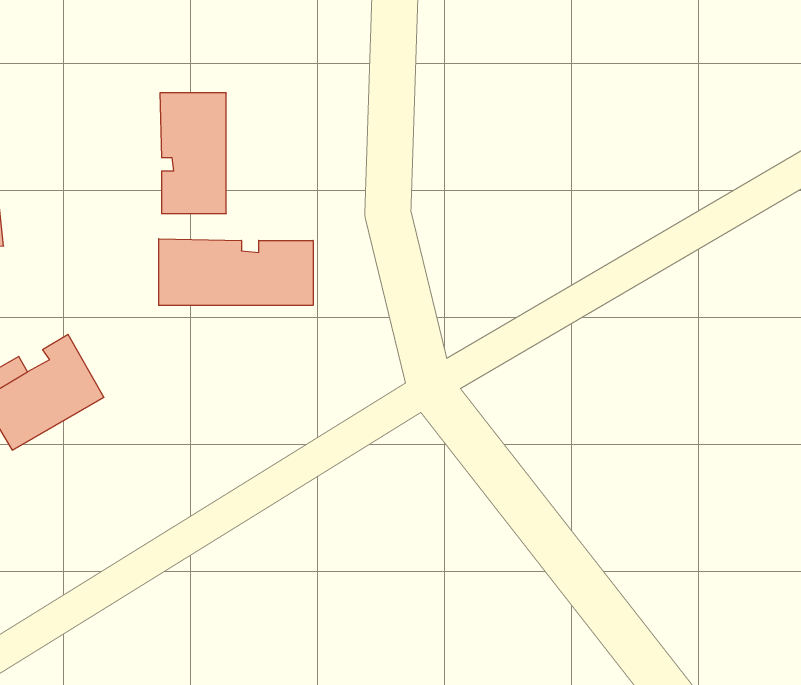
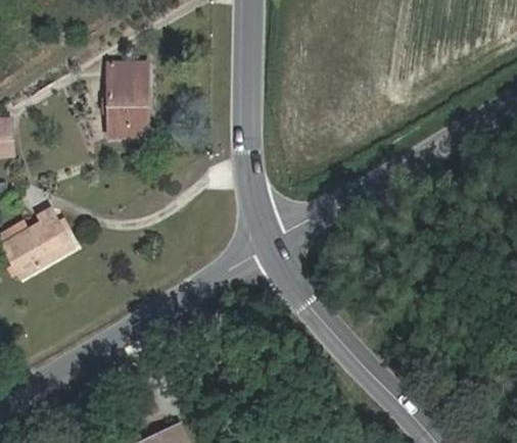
building: [159,239,313,305] -> none

